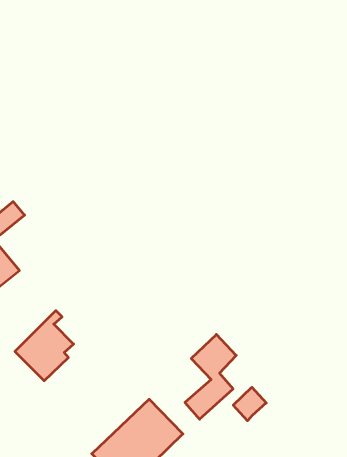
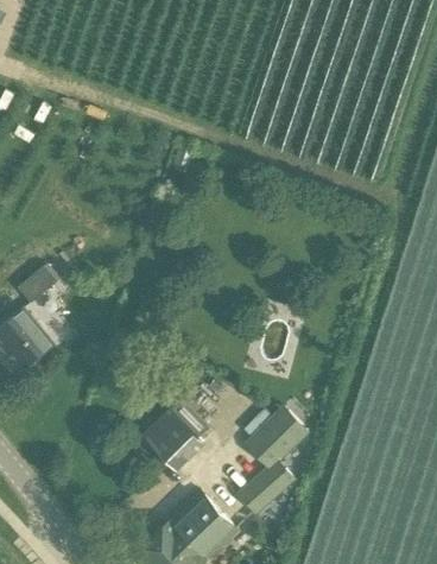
building: [15,311,74,381] -> [142,389,209,469]
building: [233,387,266,421] -> none

